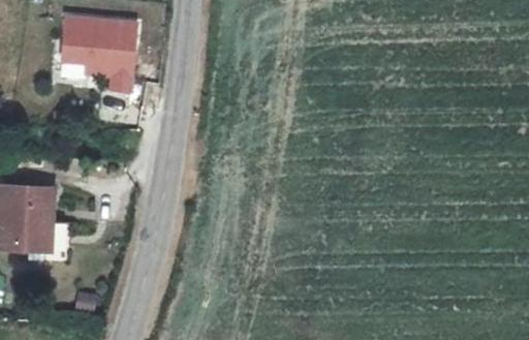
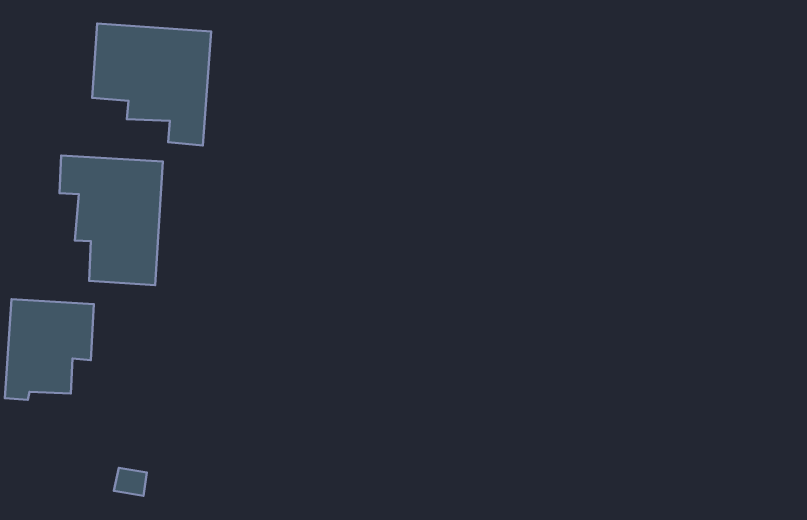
building: none -> [60,155,163,285]

